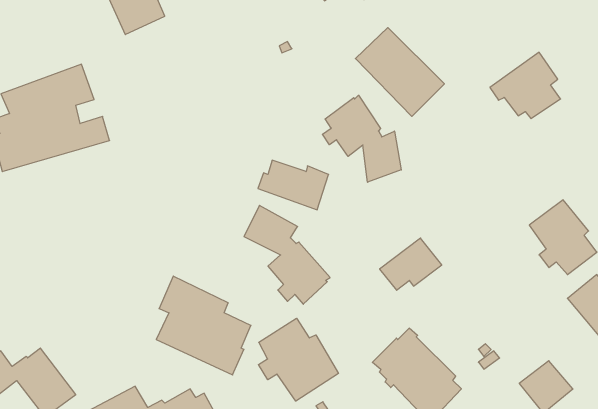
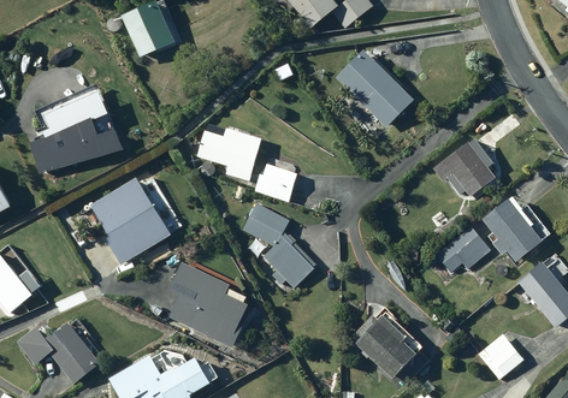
building: [490,52,561,119] -> [434,138,495,195]
building: [322,95,401,182] -> none
building: none -> [196,124,260,179]
building: none -> [90,178,170,263]
building: [380,238,442,290] -> [436,226,489,271]
building: [258,318,338,401] -> none

